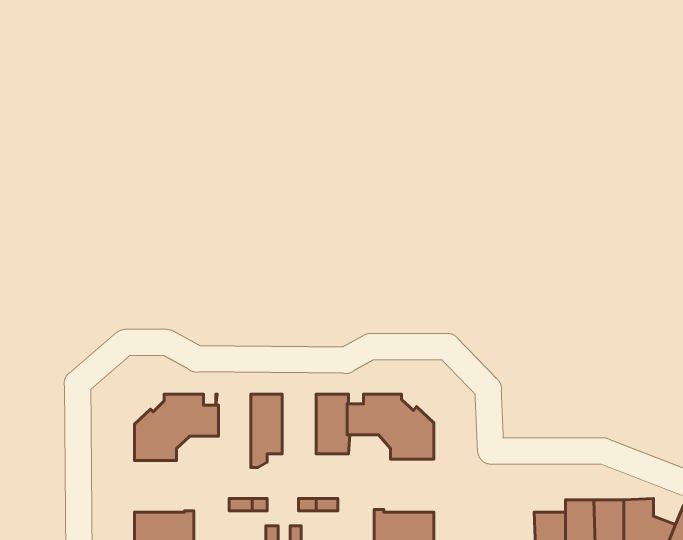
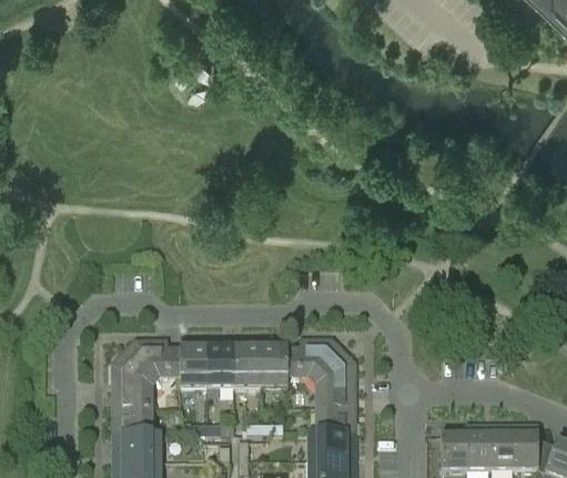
building: none -> [178,340,206,389]
building: none -> [232,340,260,389]
building: none -> [315,394,356,437]
building: none -> [111,395,152,437]

